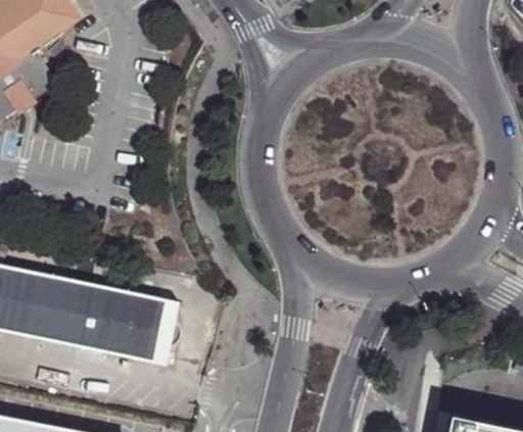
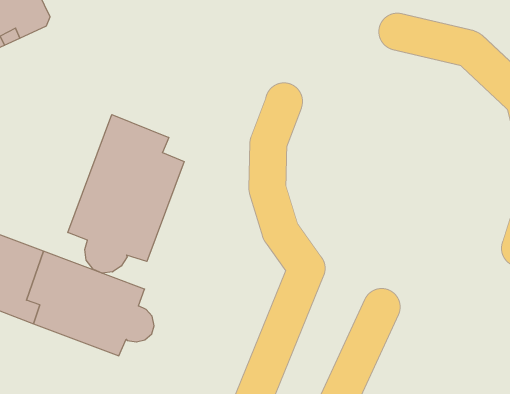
building: none -> [68,115,184,273]

